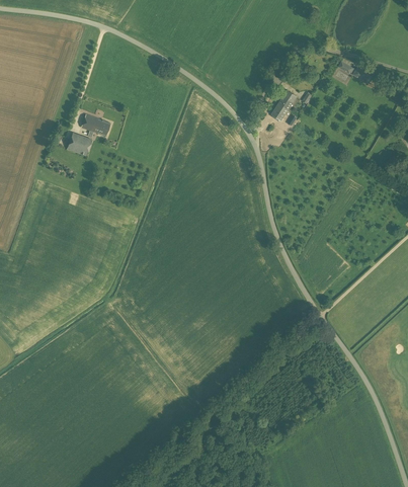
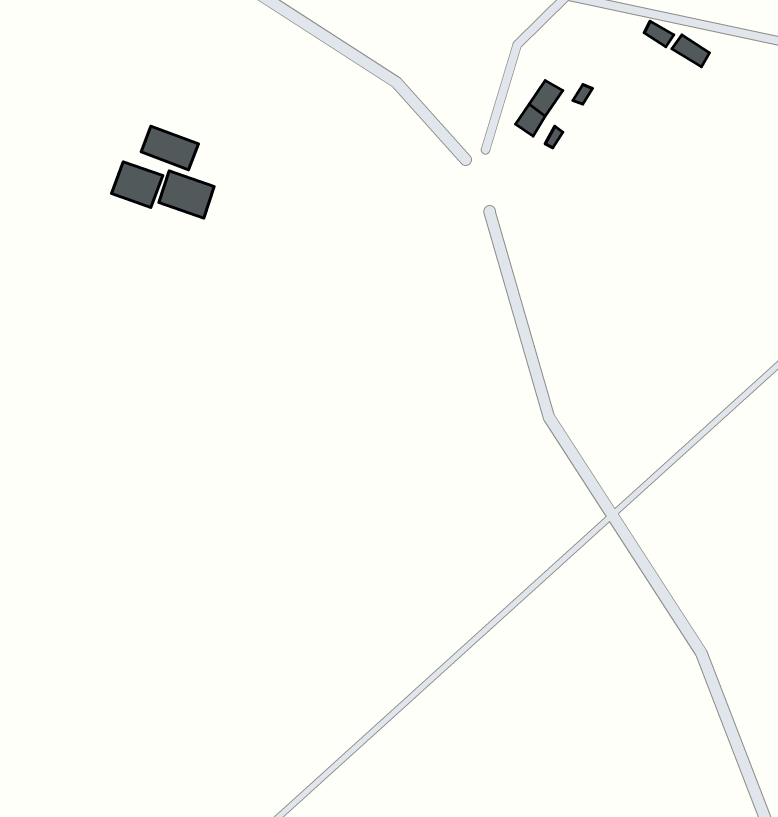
building: none -> [159,171,214,218]

